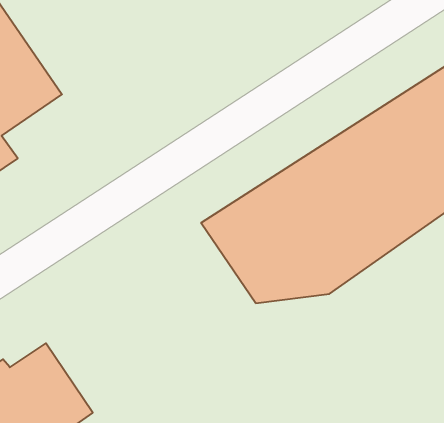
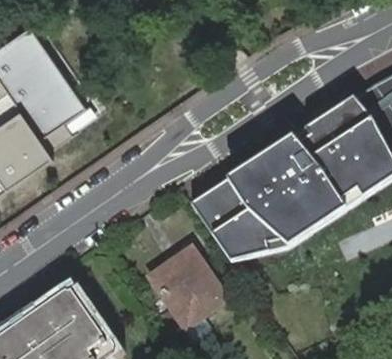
building: none -> [150,247,228,330]

